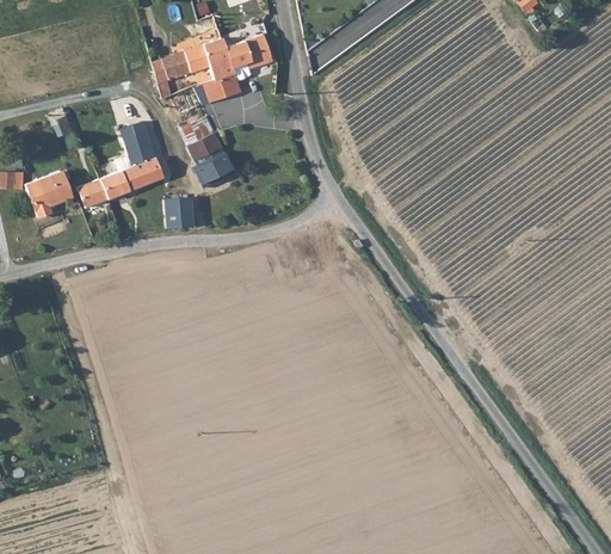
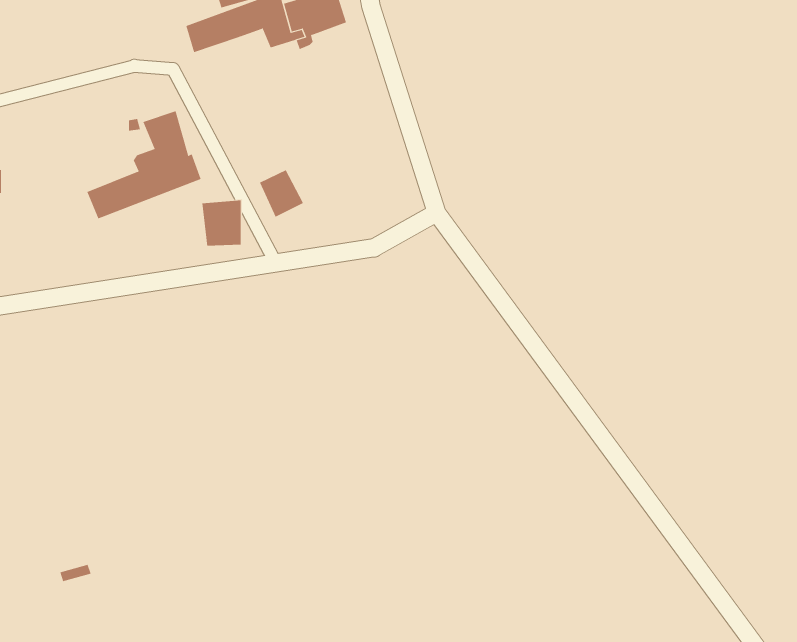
building: [202,73,239,101] -> none
building: [175,119,223,173] -> none
building: [27,171,74,215] -> none

